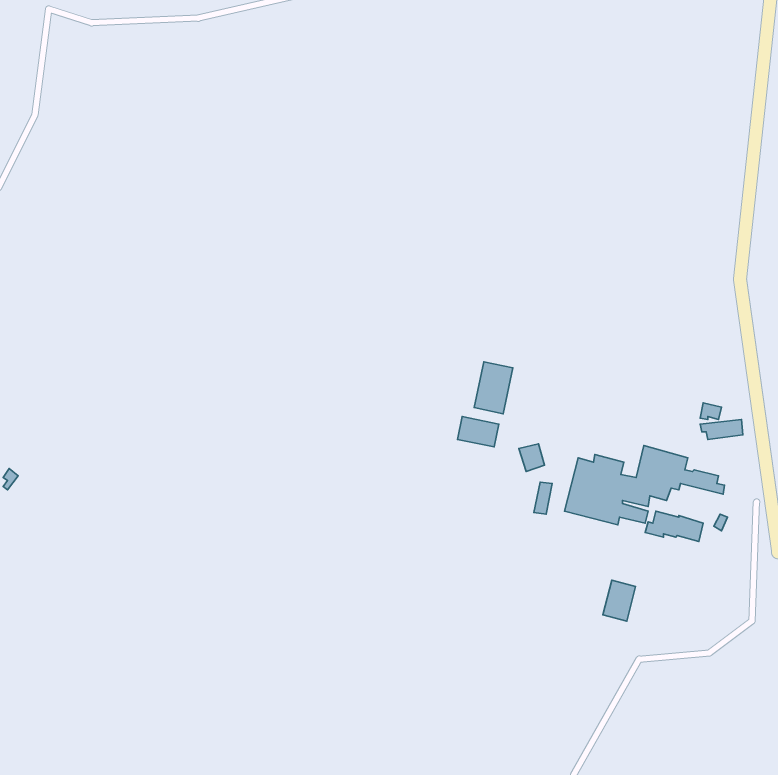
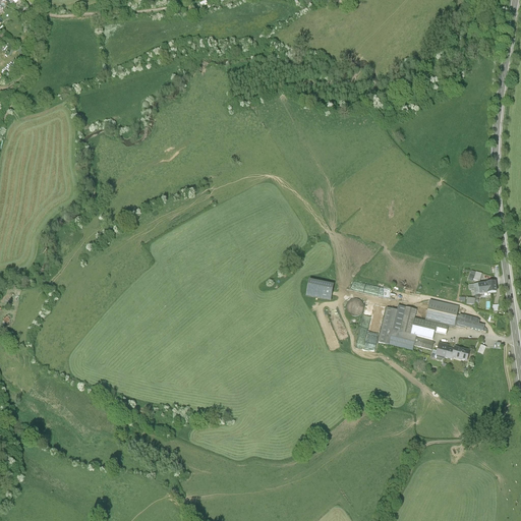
building: [474,362,513,414] -> none
building: [603,580,636,621] -> none

